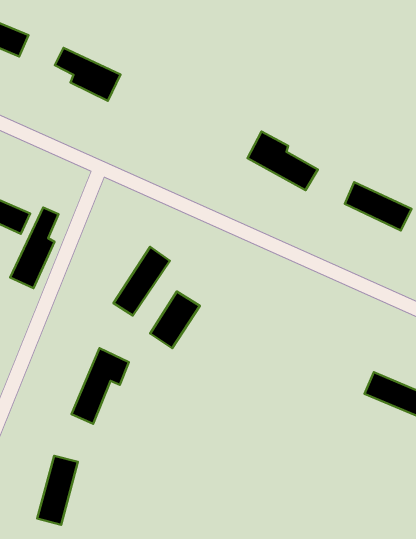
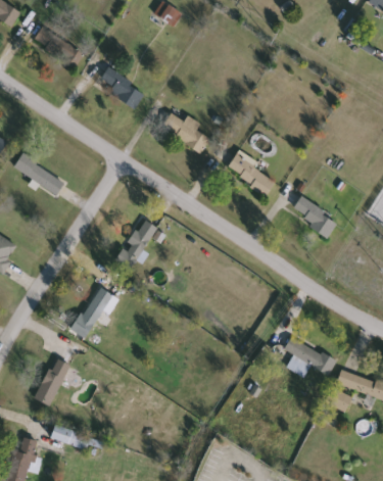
building: none -> [160,111,209,152]
building: [10,208,58,288] -> none
building: [150,291,200,348] -> none

